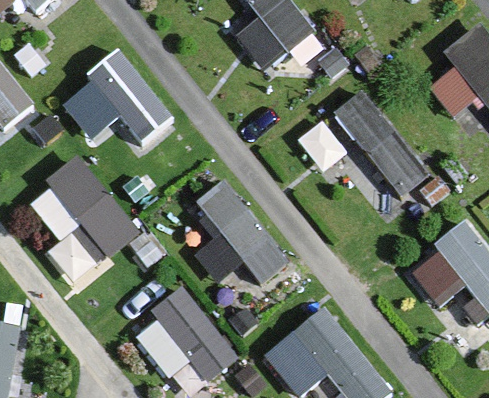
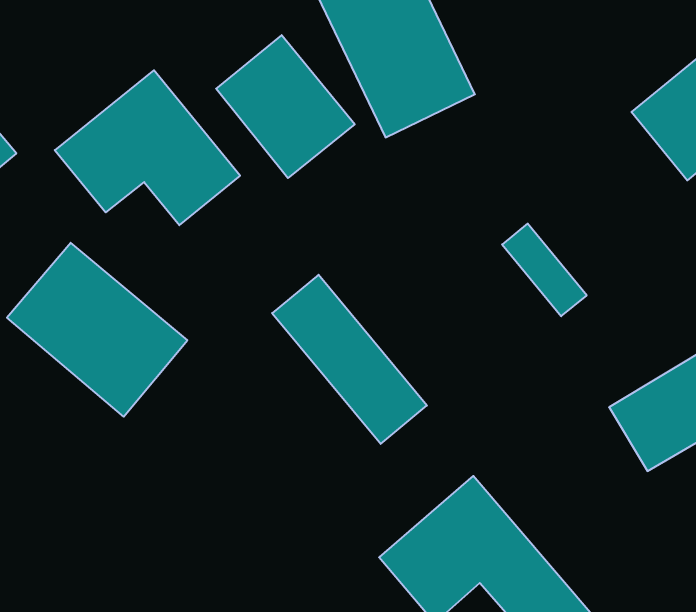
building: none -> [216,35,355,178]
building: [297,88,430,195] -> none
building: [133,292,234,380] -> none

